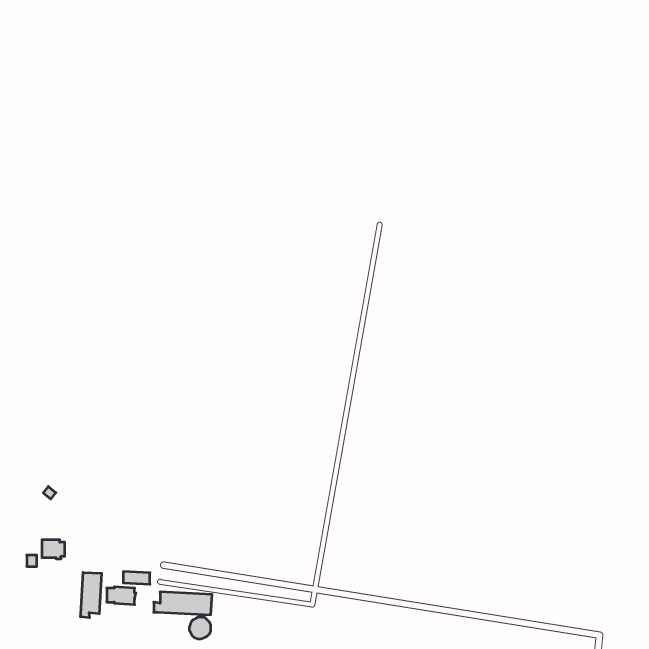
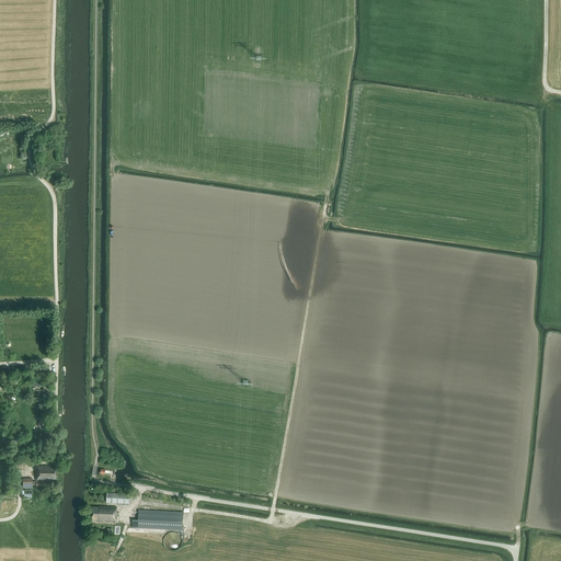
building: [80,572,102,618] -> none

